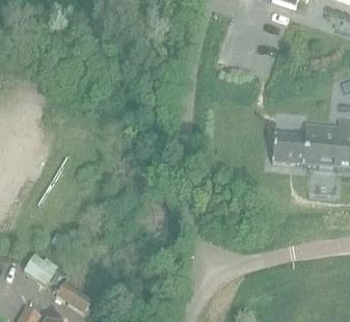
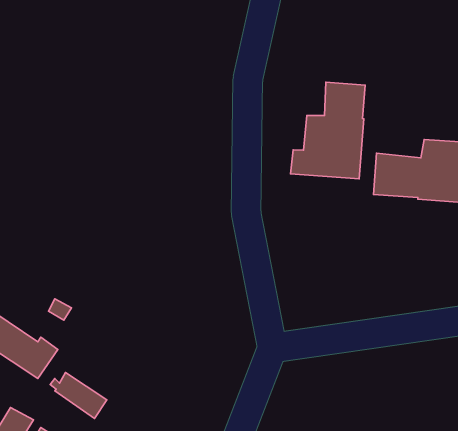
building: none -> [290,82,365,179]

